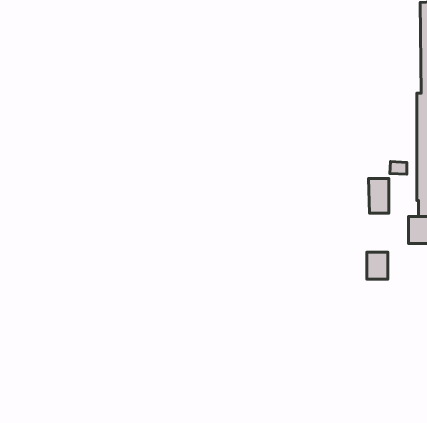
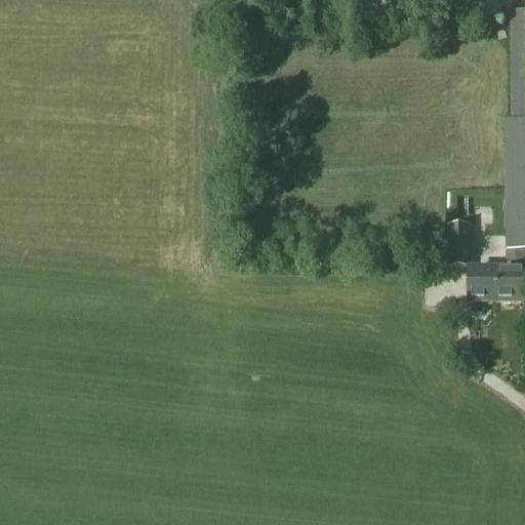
building: [367,252,388,279] -> [476,262,501,295]

